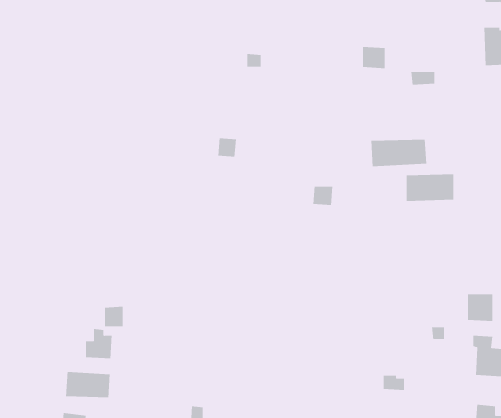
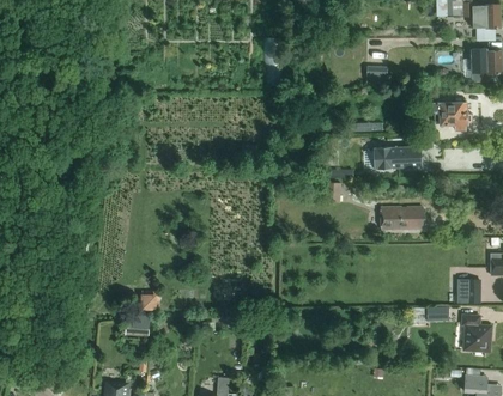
building: none -> [434,100,472,128]
building: [406,174,454,201] -> [381,206,423,230]
building: [66,371,110,398] -> none

